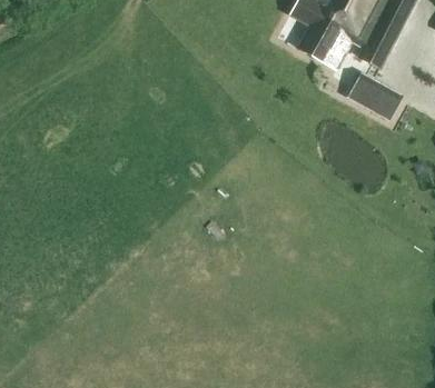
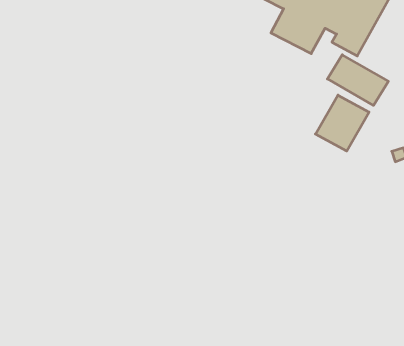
building: none -> [315,95,369,151]

